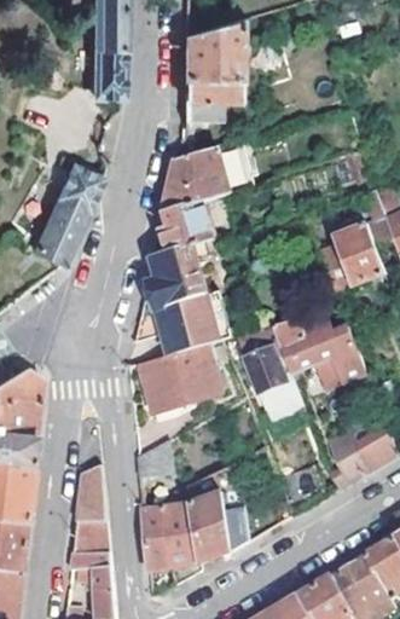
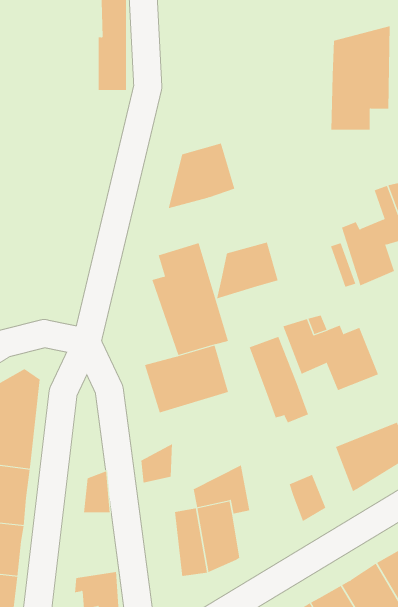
building: [181,21,239,122] -> [331,26,390,130]
building: [33,167,102,266] -> none
building: [153,202,214,258] -> [216,242,279,299]
building: [143,507,176,573] -> none
building: [74,508,114,571] -> none

